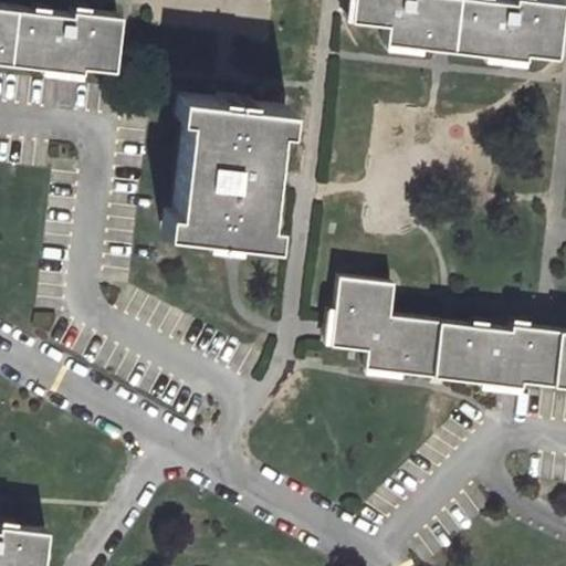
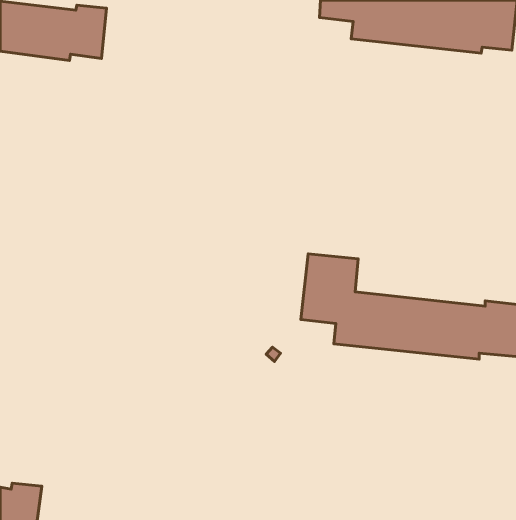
building: [167,90,291,244] -> none

